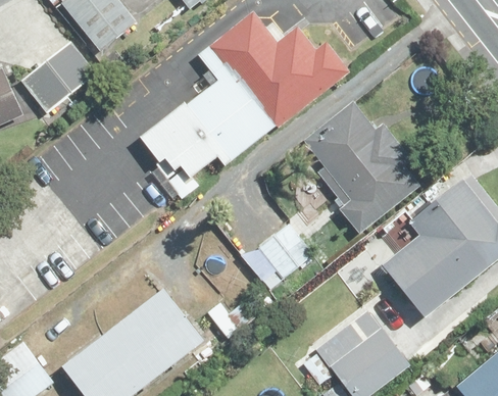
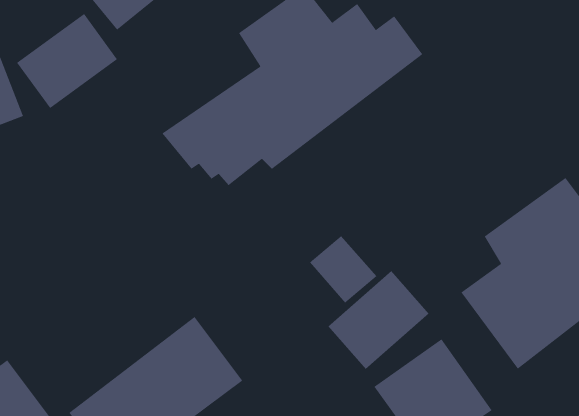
building: [309,105,422,237] -> none
building: none -> [327,270,429,370]

